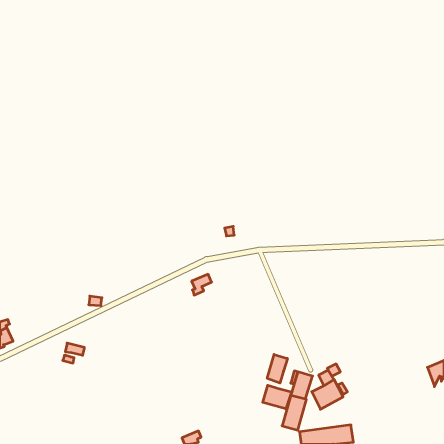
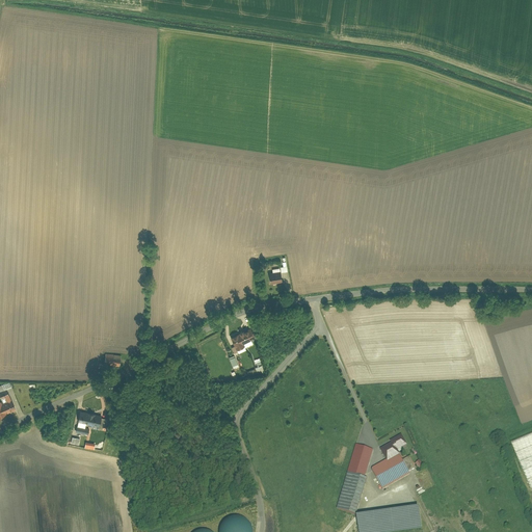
building: [267,354,287,383] -> none
building: [263,385,291,409] -> none

